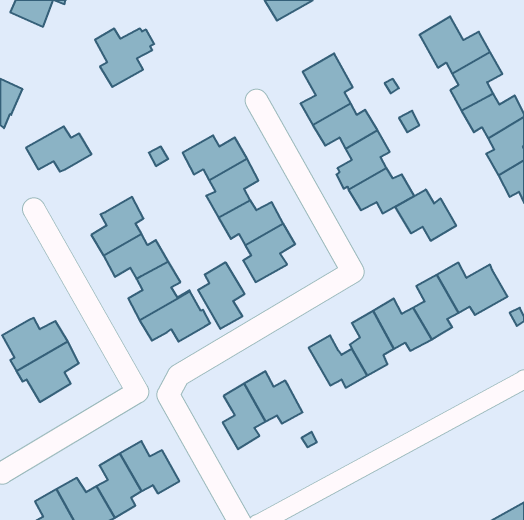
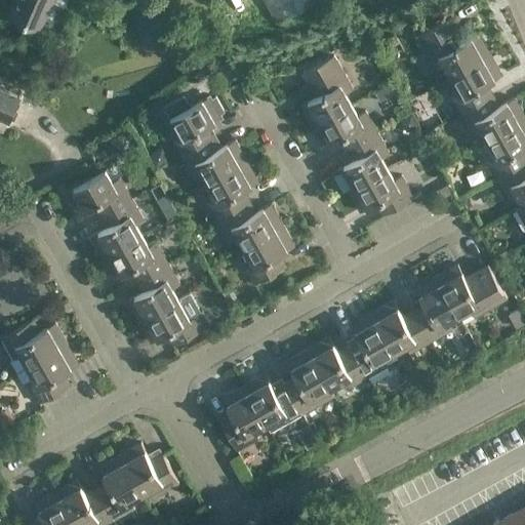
building: [95,29,154,87] -> [165,98,225,157]
building: [26,126,92,172] -> [67,173,132,218]
building: [395,189,456,241] -> none
building: [198,262,244,329] -> none
building: none -> [285,352,335,416]

